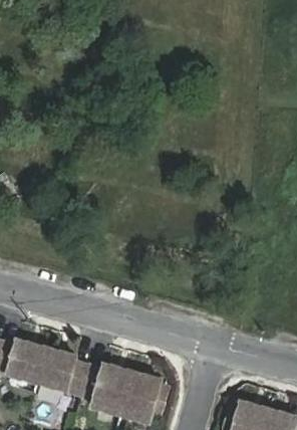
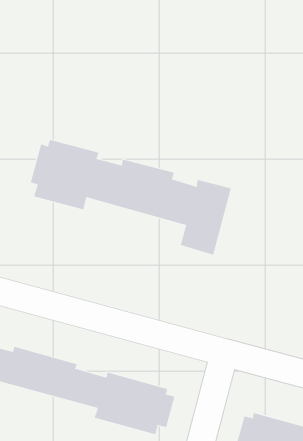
building: none -> [30,139,232,256]

